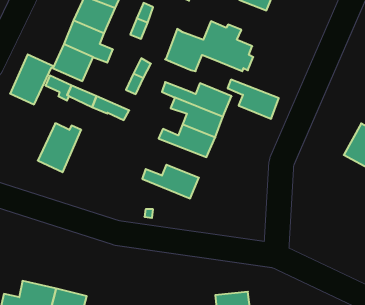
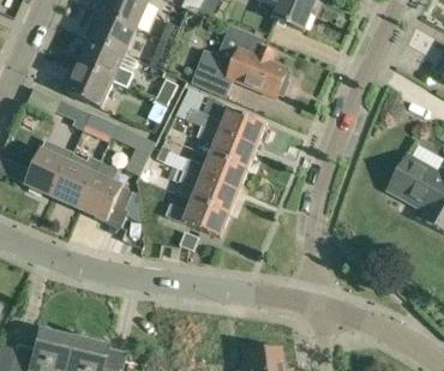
building: [10,54,54,104] -> [24,139,72,195]
building: [228,80,279,119] -> [180,170,236,214]
building: none -> [78,161,130,220]

